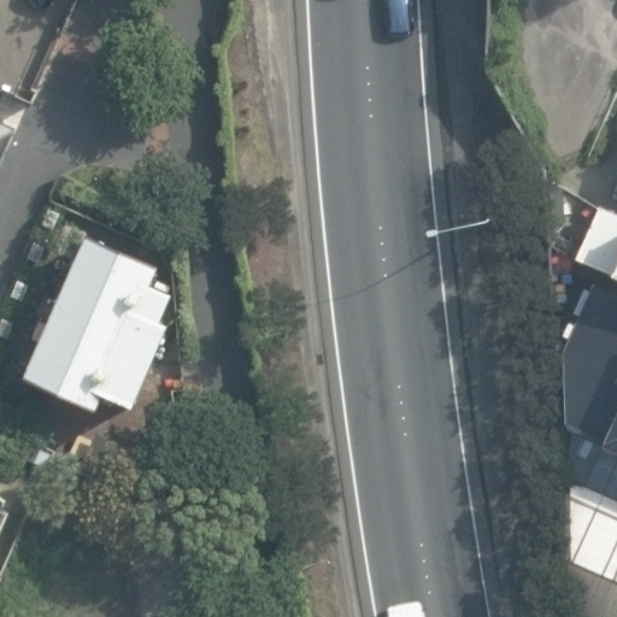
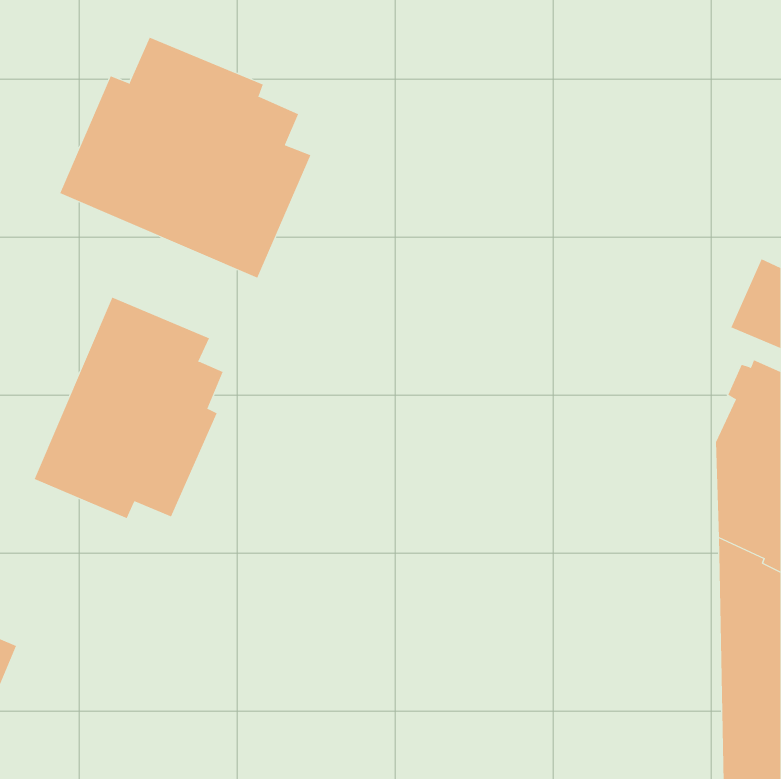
building: none -> [60,37,311,278]

